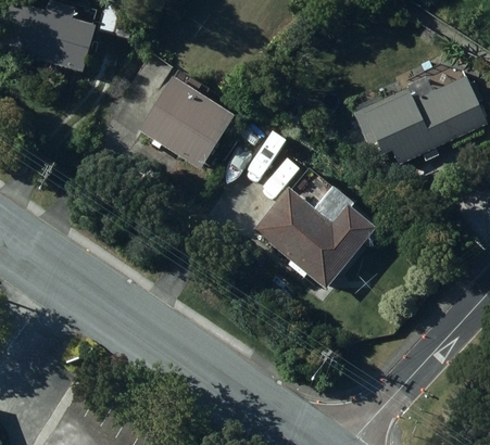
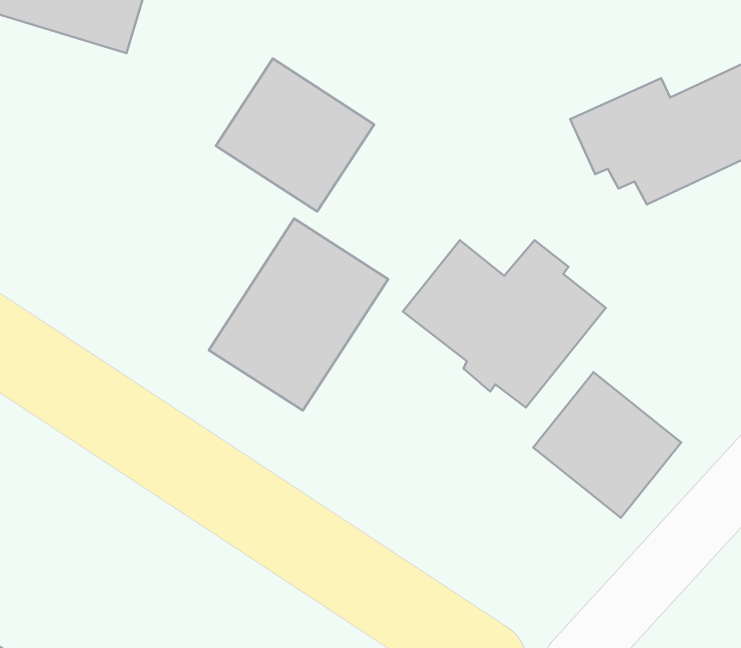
building: none -> [209,219,388,410]
building: none -> [533,372,681,518]

